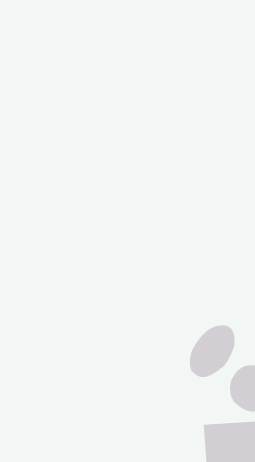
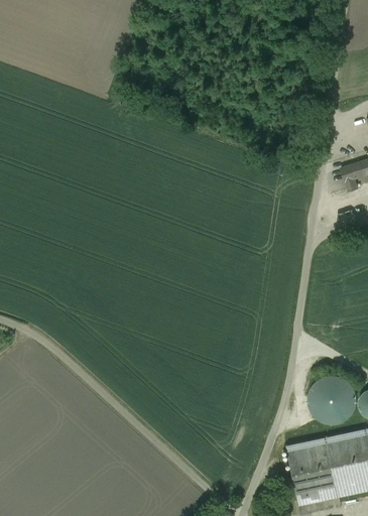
building: [189,325,235,378] -> none

